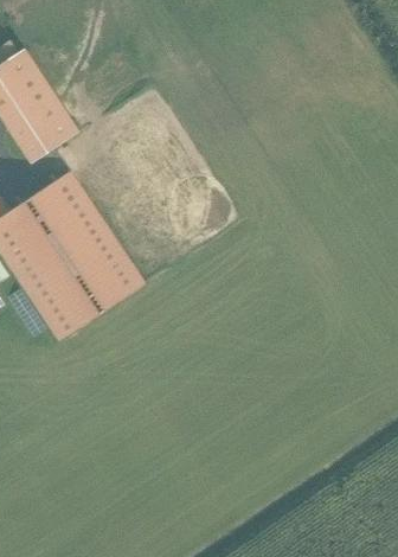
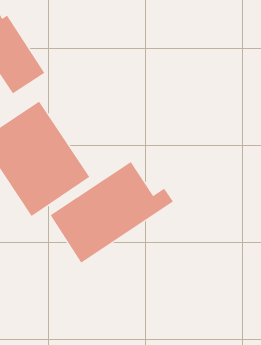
building: none -> [50,161,174,263]

